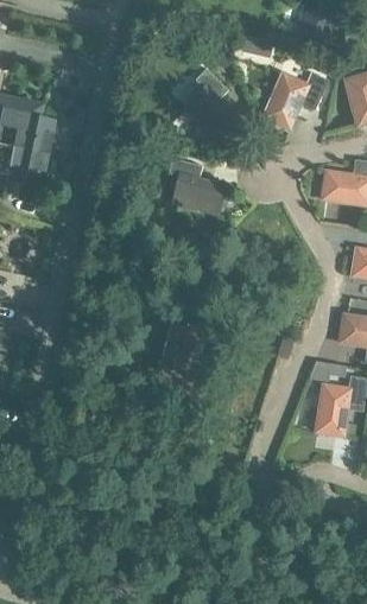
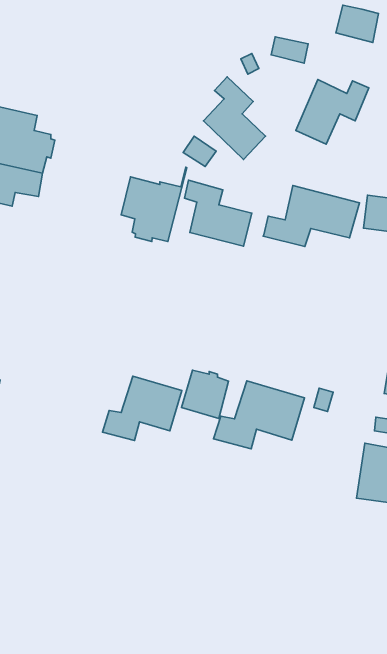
building: none -> [121,167,187,242]
building: none -> [263,186,359,246]
building: none -> [102,376,182,440]
building: none -> [214,381,305,449]

